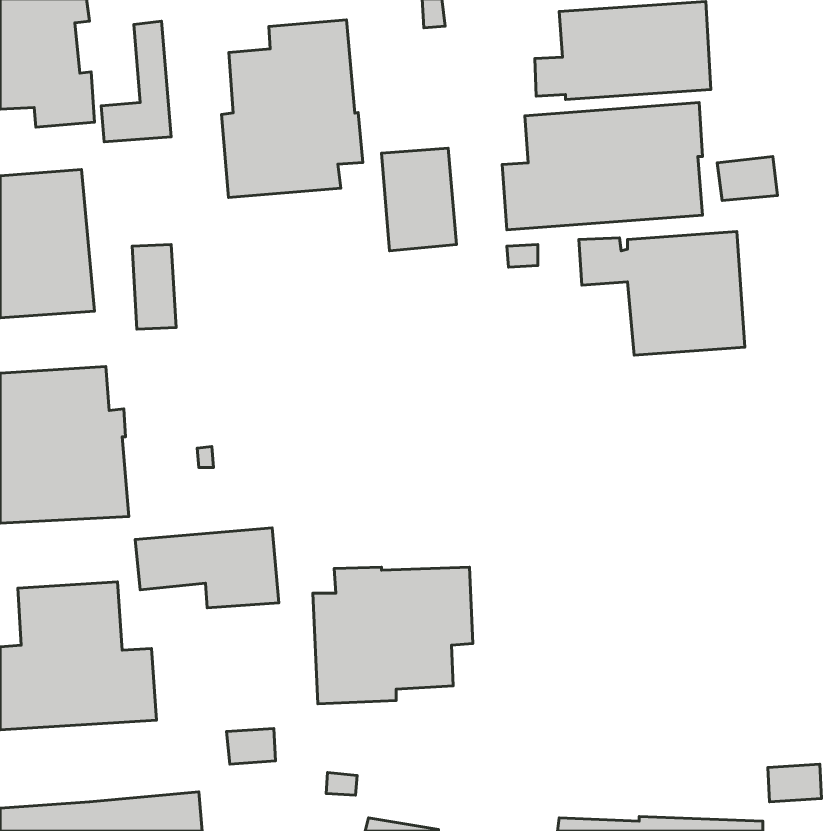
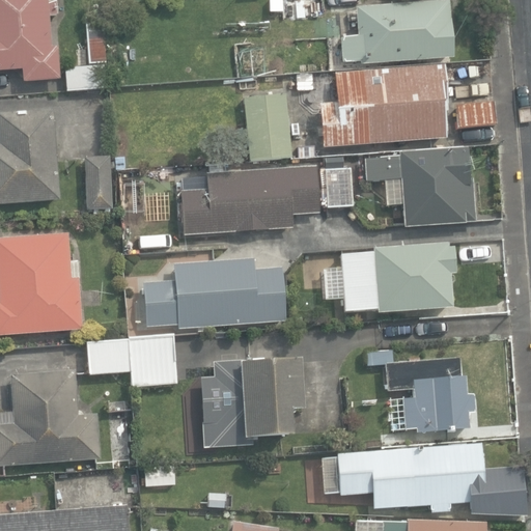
building: [222,20,363,197] -> none
building: none -> [180,166,320,233]
building: none -> [320,243,456,313]
building: none -> [143,257,285,329]
building: none -> [365,350,474,432]
building: none -> [320,445,485,512]

